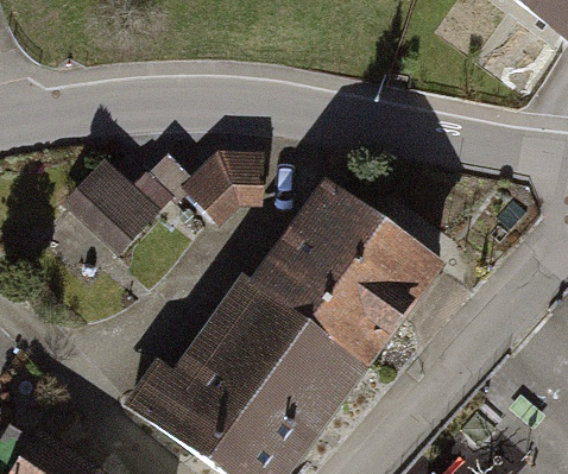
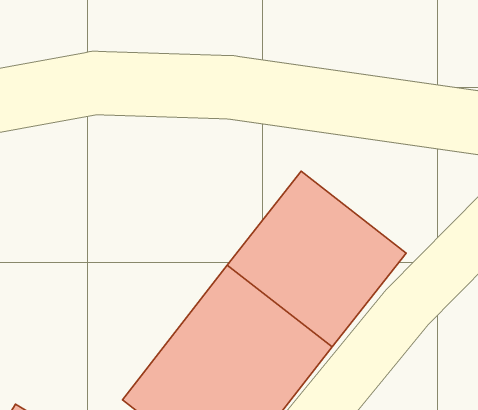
building: [50,131,259,249] -> none

